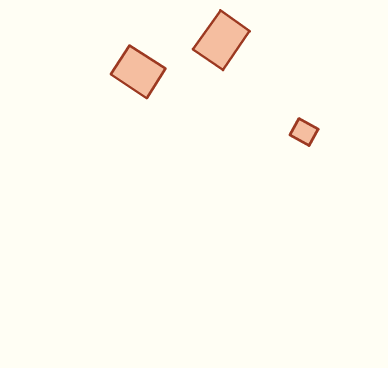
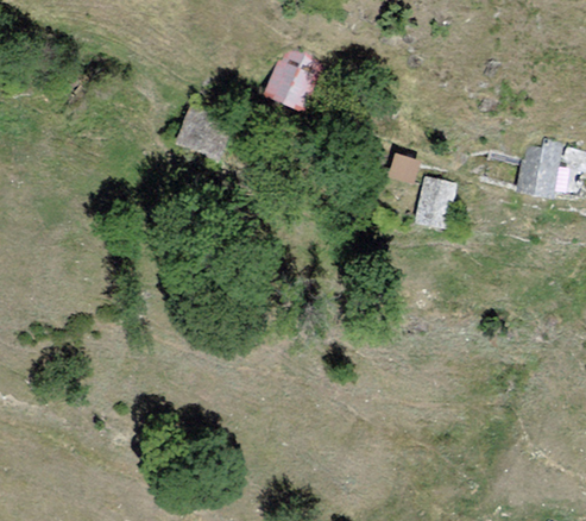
building: none -> [415,176,455,227]

